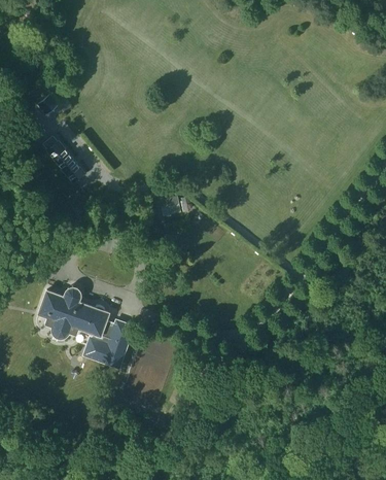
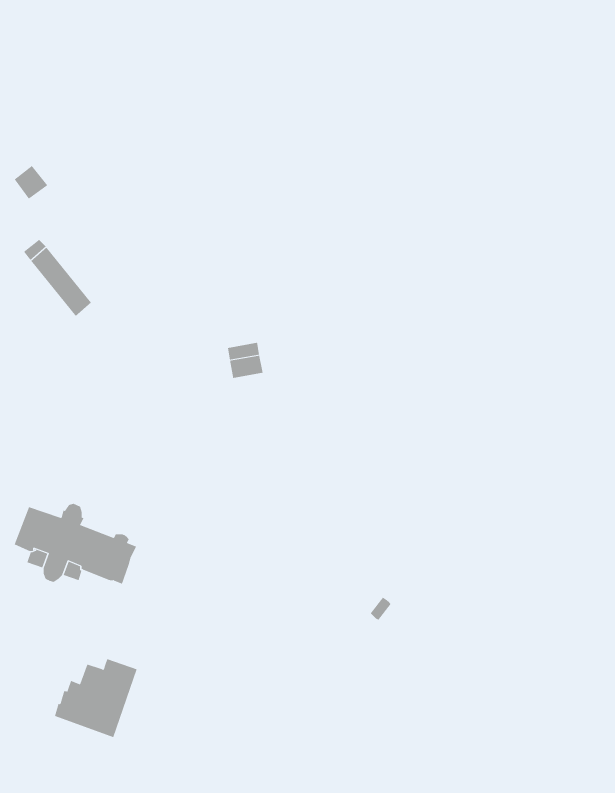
building: [84,320,132,366] -> [54,658,137,738]

